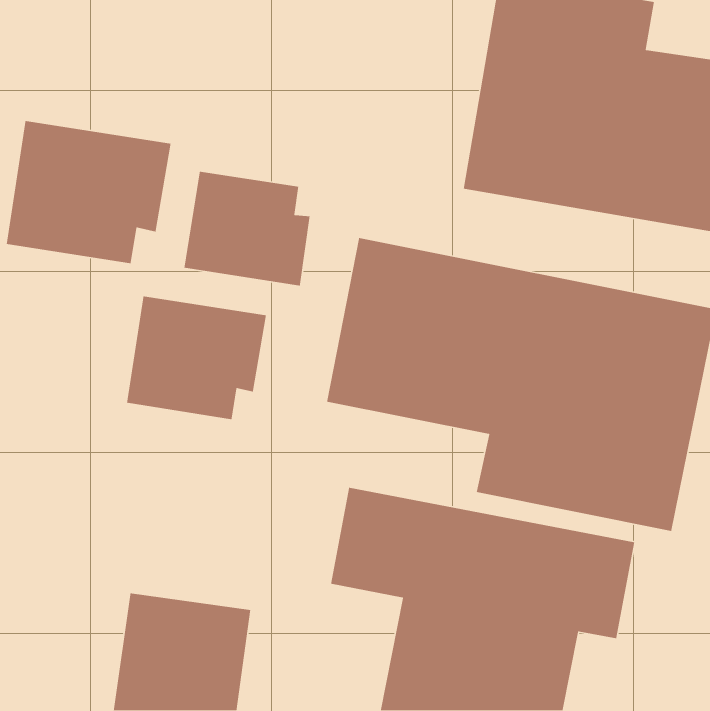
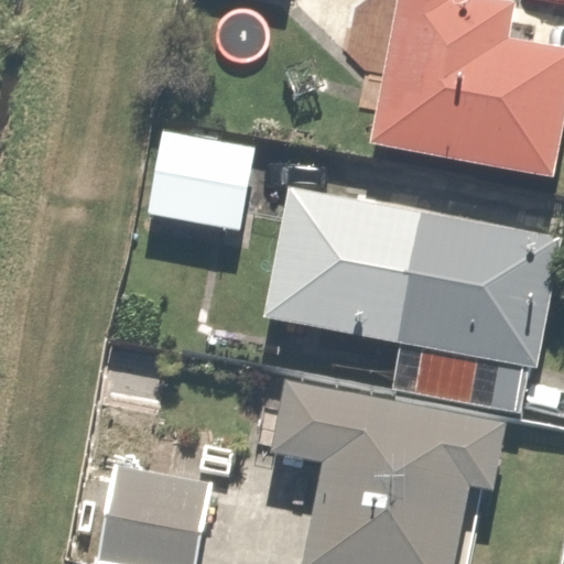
building: [6,120,172,264] -> none
building: [126,296,267,420] -> none

